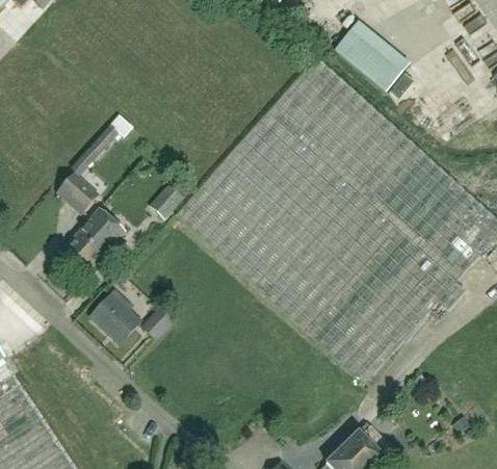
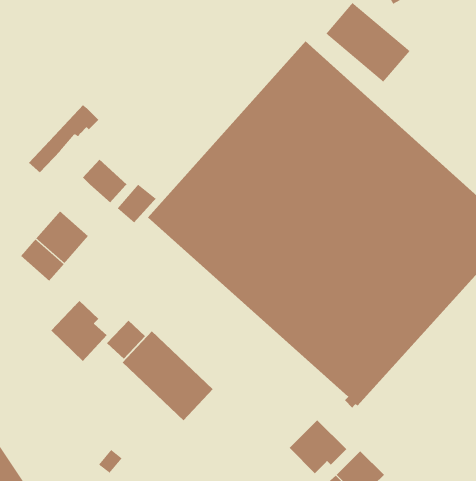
building: [57,175,98,214] -> [82,159,127,203]
building: none -> [122,331,213,421]
building: none -> [289,419,347,474]

